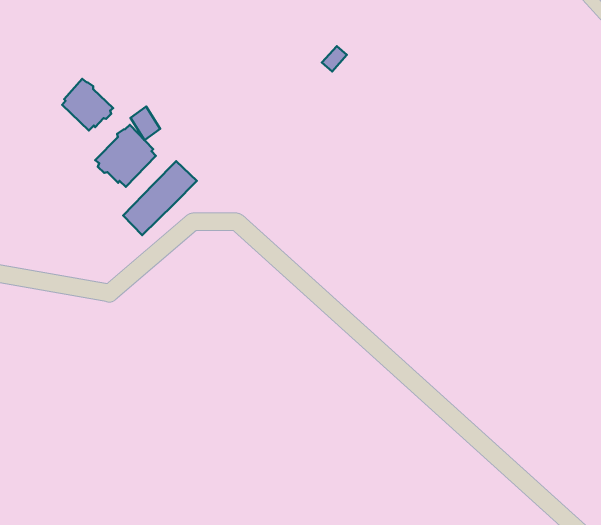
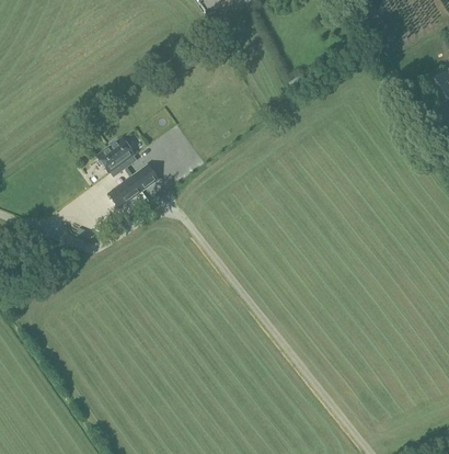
building: [62,79,113,131] -> none

